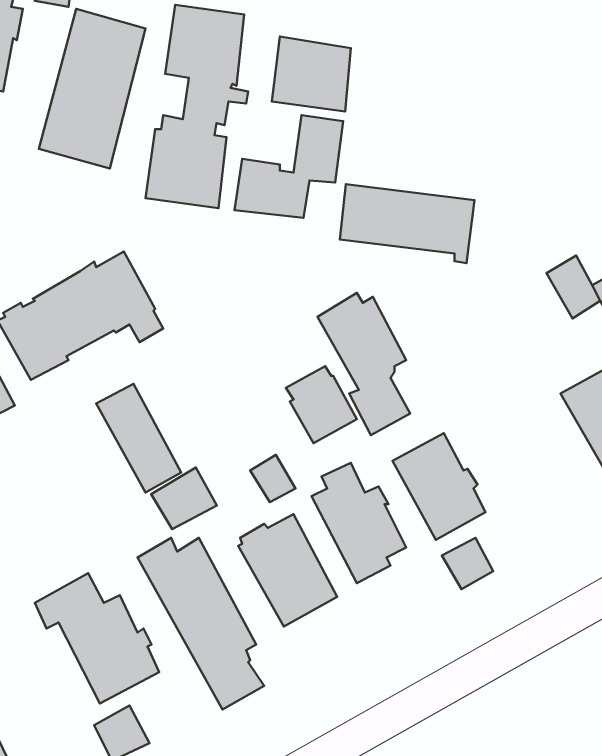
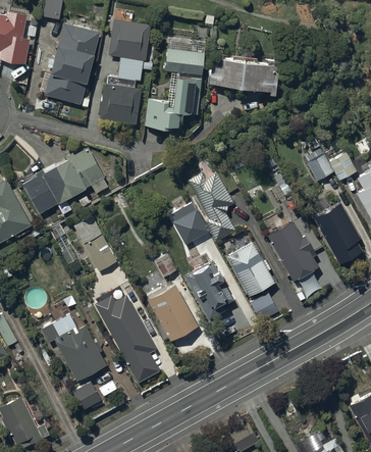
building: [340,184,474,263] -> [211,56,280,97]
building: none -> [270,223,318,280]
building: [151,467,217,529] -> none

